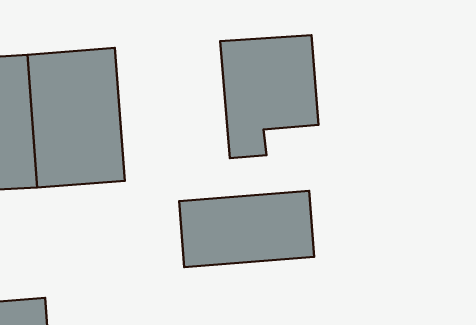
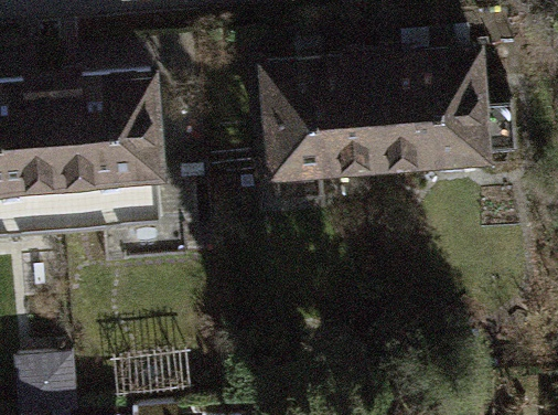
building: none -> [364,56,506,166]
building: [179,191,314,267] -> none

